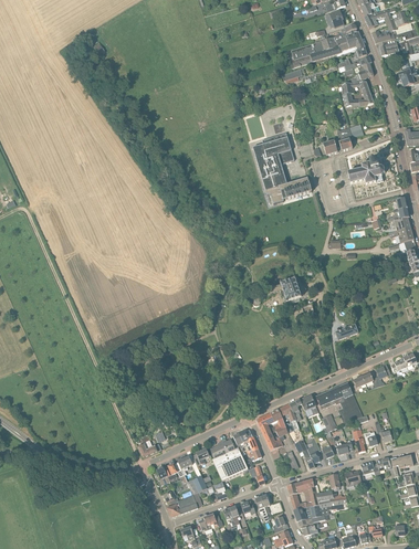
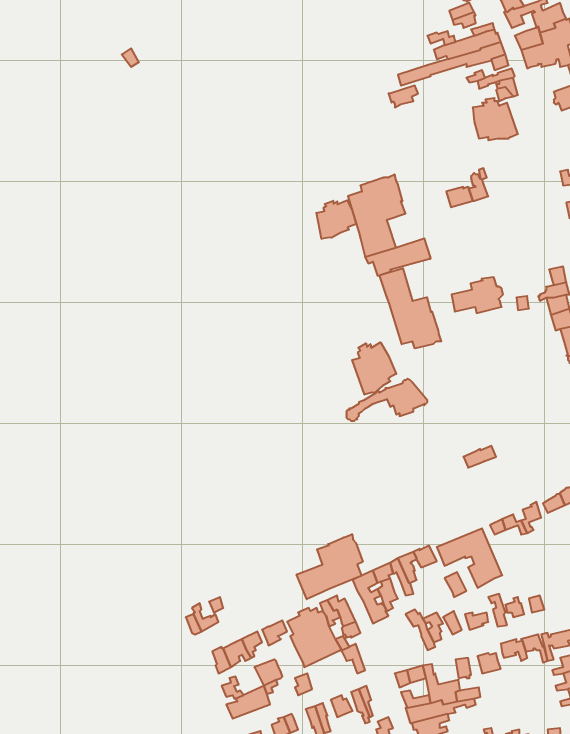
building: none -> [316,200,356,239]
building: [348,158,385,183] -> [452,277,503,313]
building: none -> [379,268,441,348]
building: none -> [352,342,396,395]
building: none -> [297,534,363,599]

